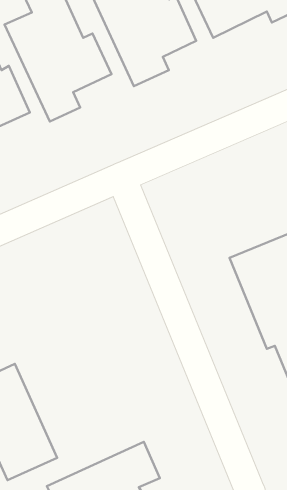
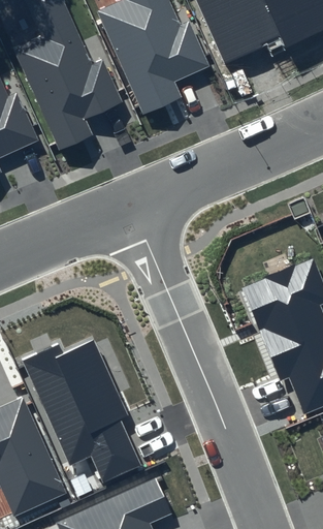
building: none -> [21,338,141,483]

